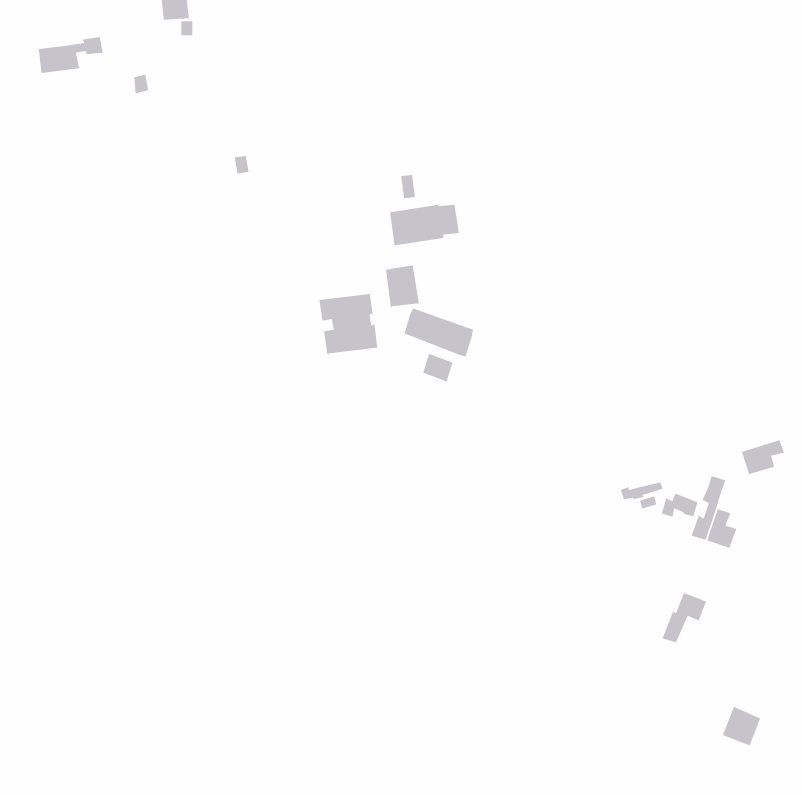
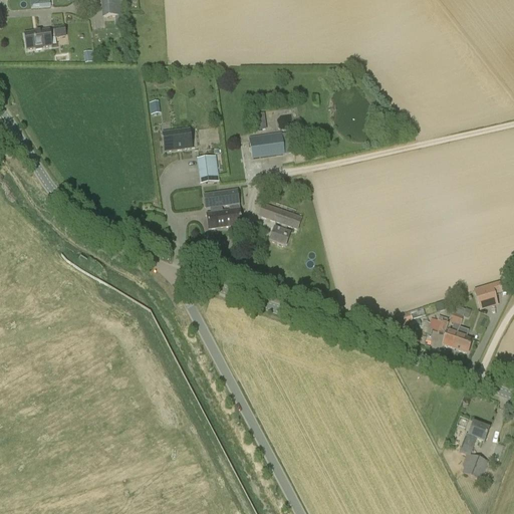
building: none -> [163,127,191,149]
building: [385,265,420,308] -> [197,154,219,182]
building: [661,592,707,644] -> [459,420,488,453]

